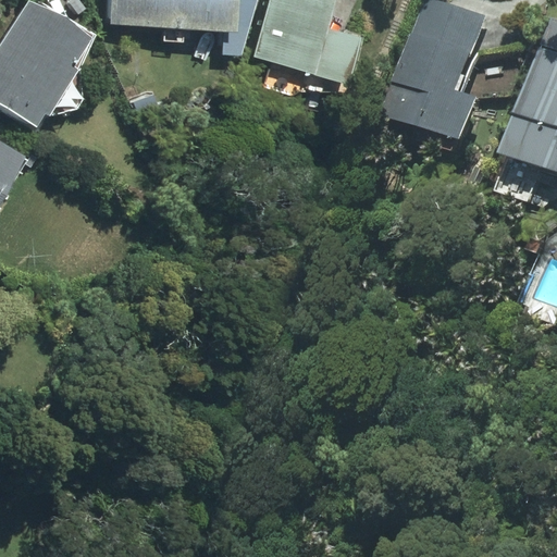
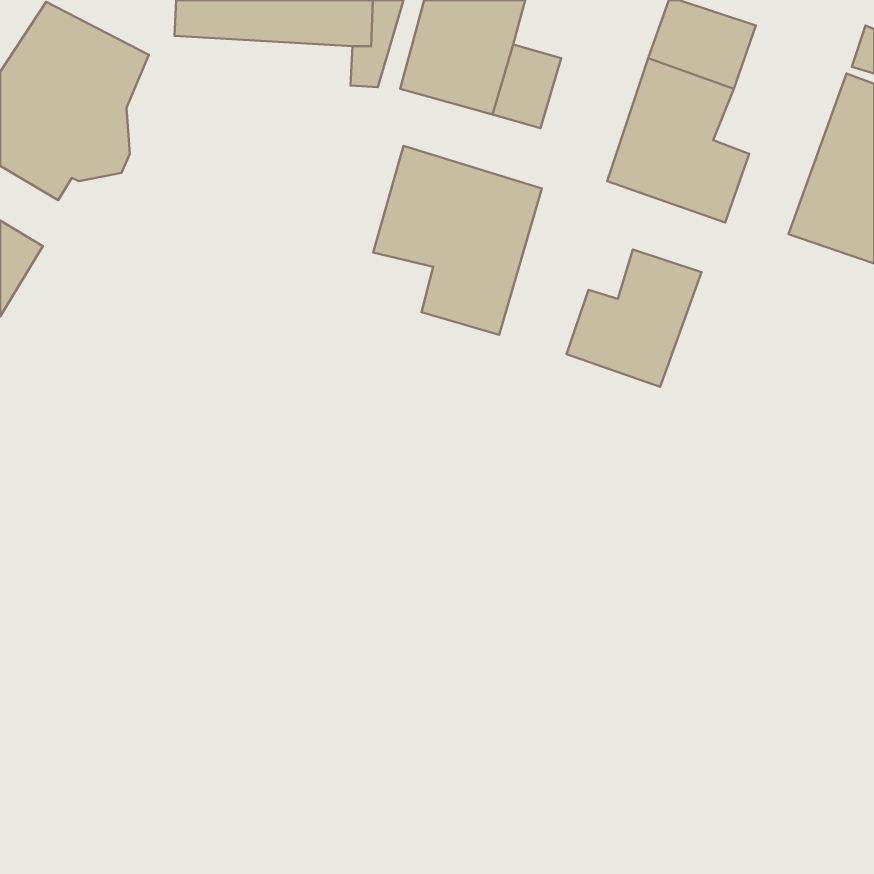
building: none -> [373,146,542,335]
building: none -> [566,249,701,387]

